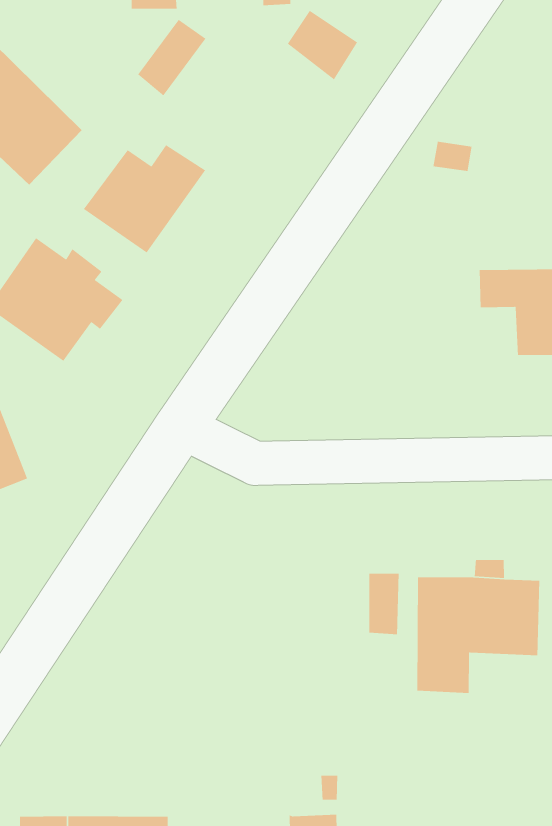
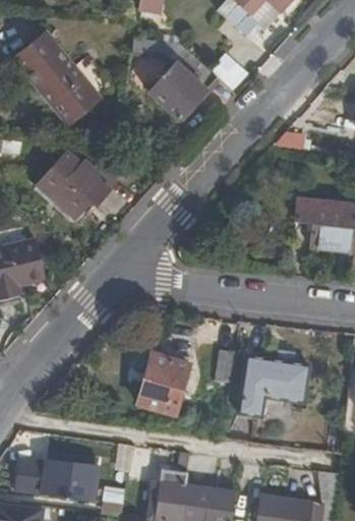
building: [83,144,206,253] -> [149,63,216,119]
building: none -> [137,353,189,414]

